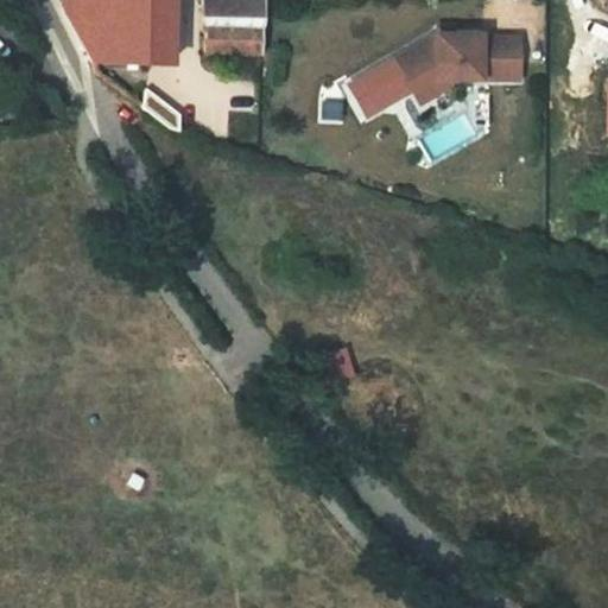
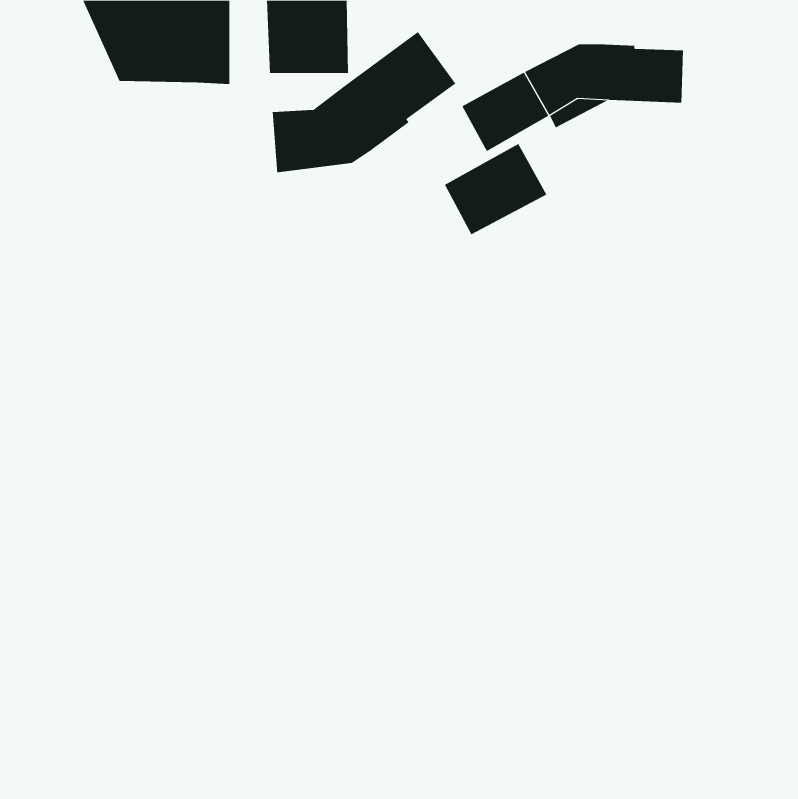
building: none -> [272,31,456,173]
building: none -> [444,143,547,235]

